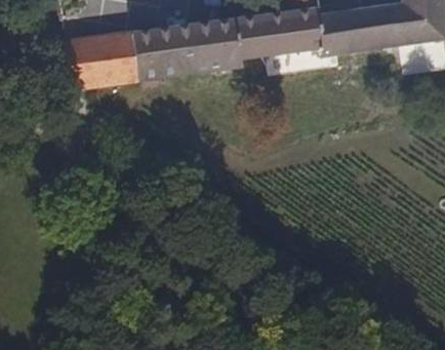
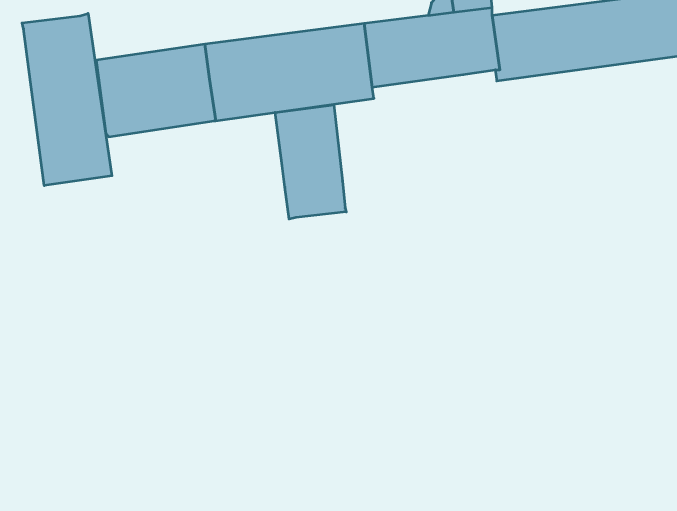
building: none -> [22,13,112,186]
building: none -> [275,105,346,219]

